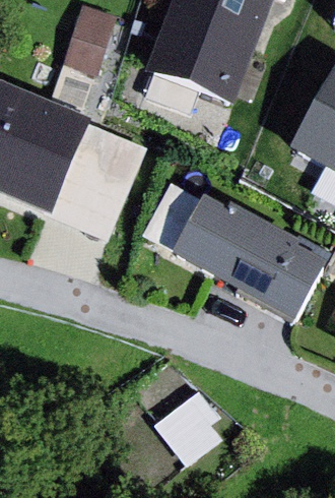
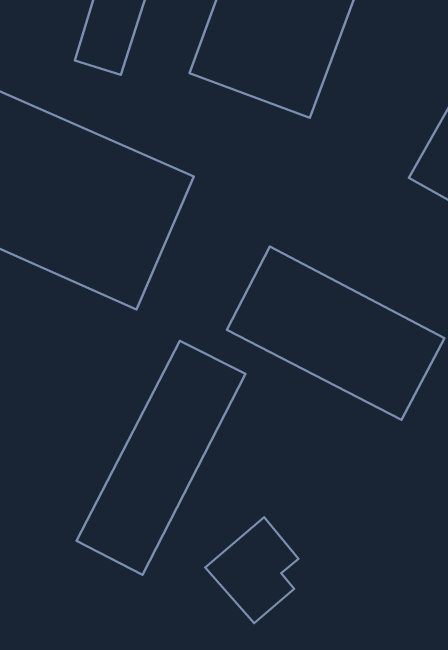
building: none -> [76,341,245,575]

